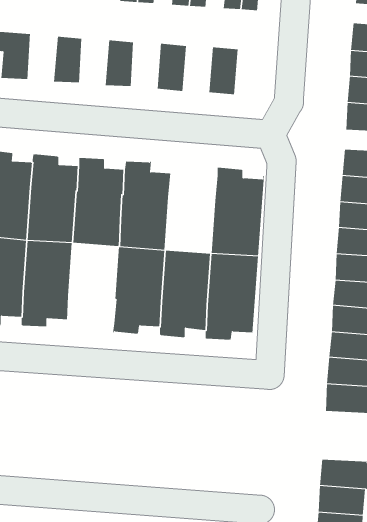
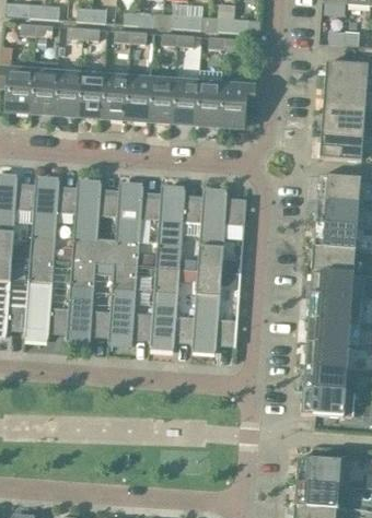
building: none -> [31,59,58,114]
building: none -> [78,74,104,117]
building: none -> [125,78,151,120]
building: none -> [172,81,198,123]
building: none -> [219,84,254,127]
building: none -> [155,188,202,270]
building: none -> [66,260,113,341]

